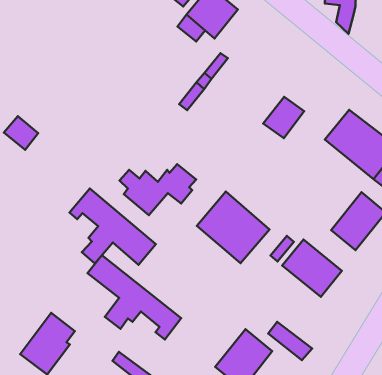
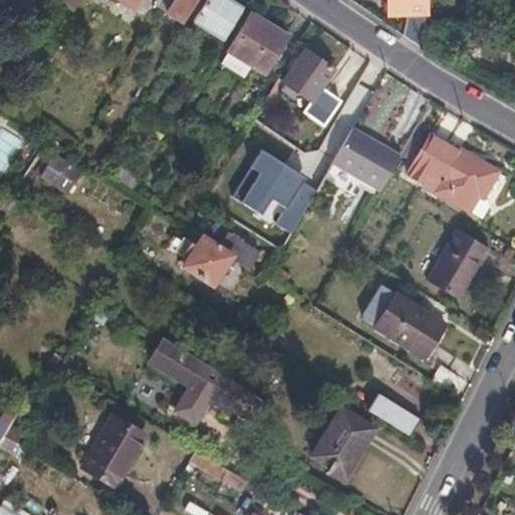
building: none -> [283,47,341,124]
building: none -> [359,143,400,190]
building: [4,116,38,150] -> [39,154,79,192]
building: [70,189,156,265] -> none
building: [197,191,270,263] -> [232,151,318,232]

